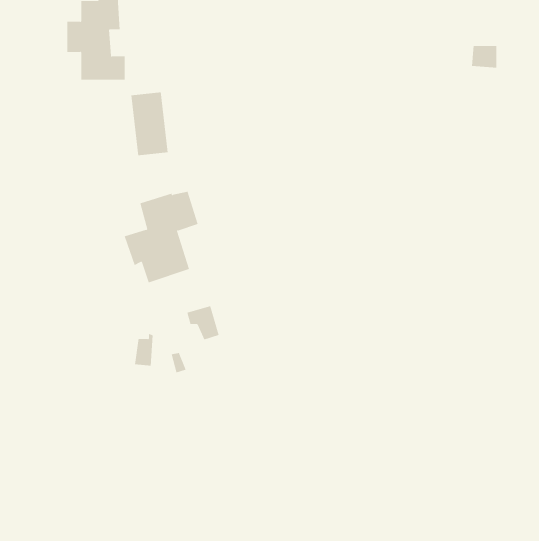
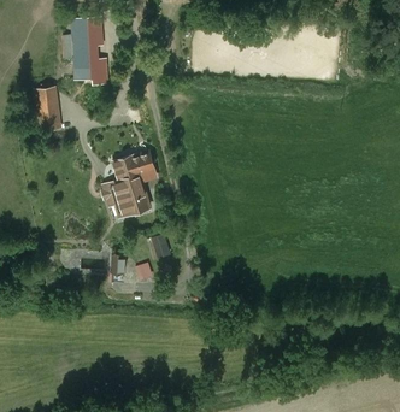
building: [130,92,169,156] -> [34,87,60,131]

